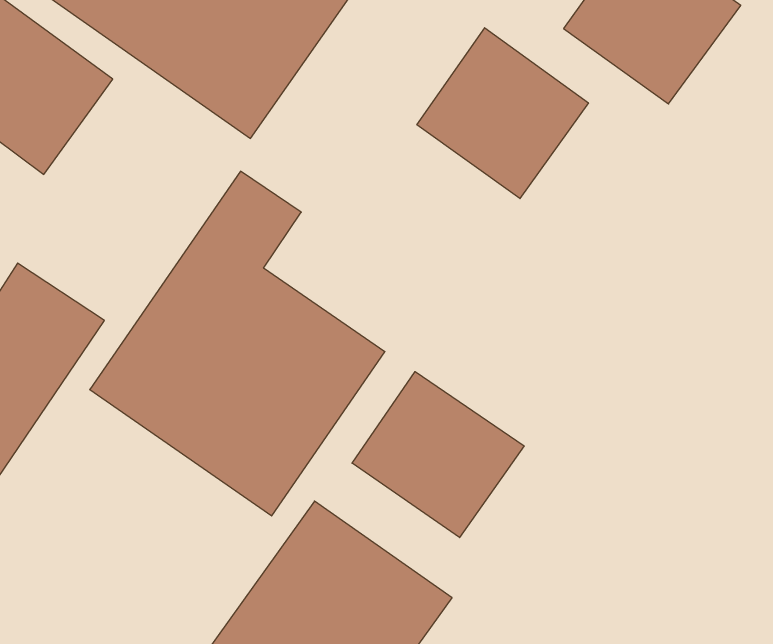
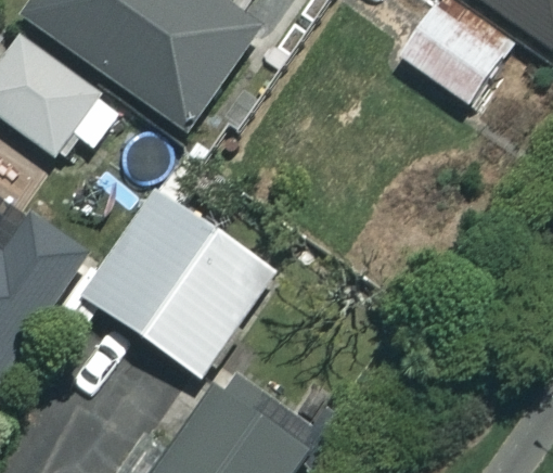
building: [417,28,588,199] -> none
building: [352,372,524,538] -> none

